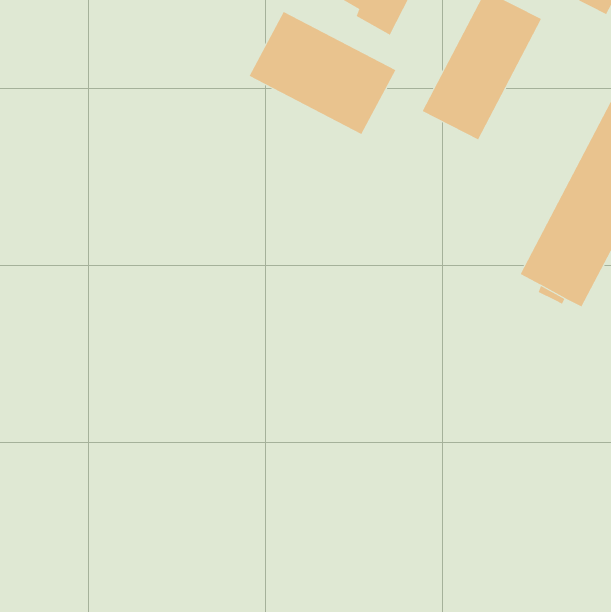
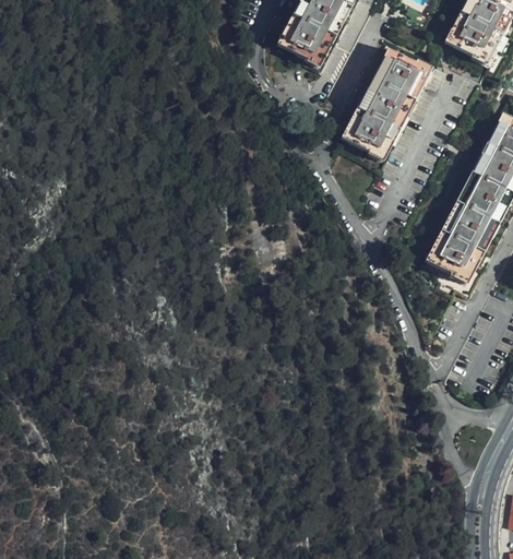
building: [249,11,396,135] -> none

